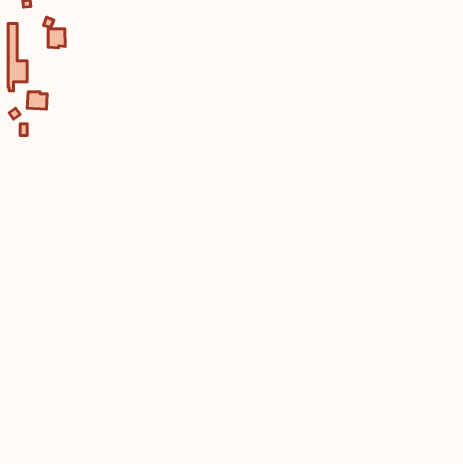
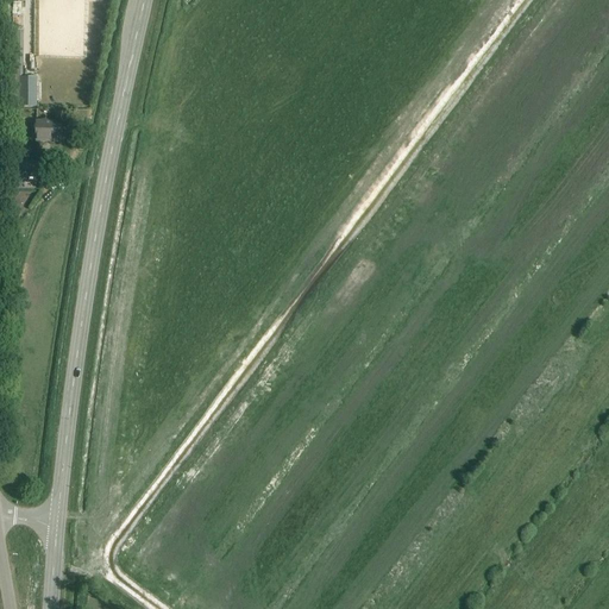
building: [48,29,65,48] -> none

